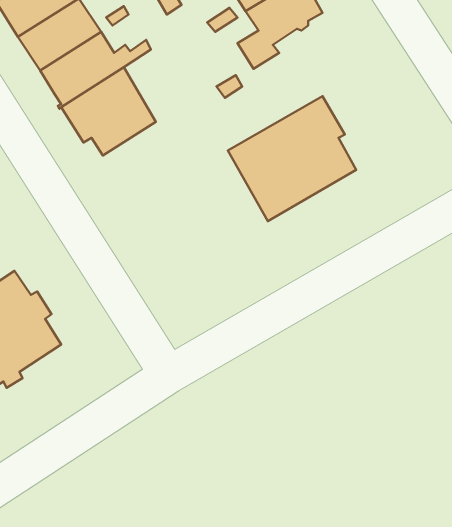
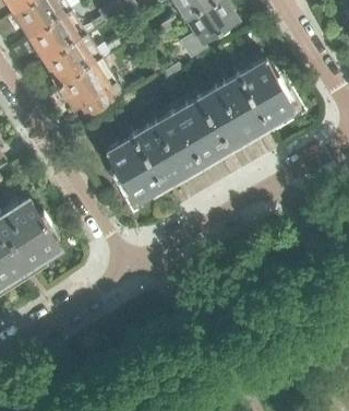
building: none -> [238,59,294,130]
building: none -> [105,117,201,203]

